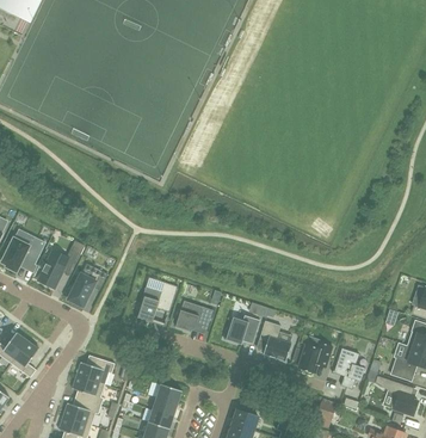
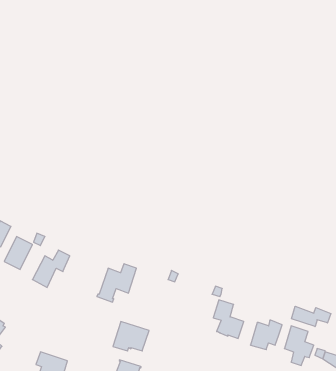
building: [174,300,212,331] -> [113,322,149,351]
building: [223,315,259,344] -> none
building: none -> [291,306,331,327]
building: [75,354,113,384] -> none

